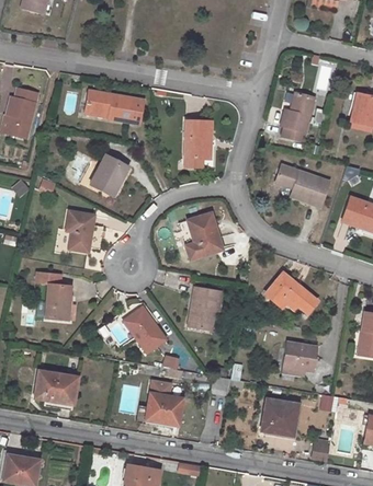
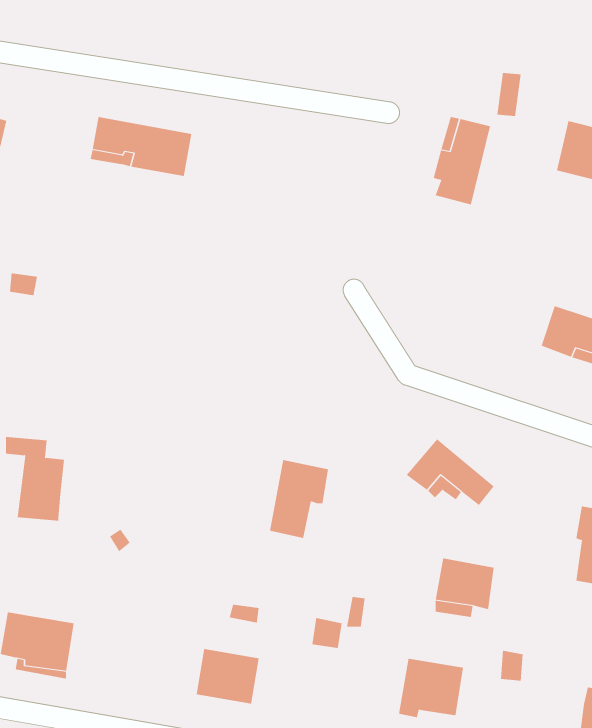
building: [185,120,212,158] -> none
building: [90,153,128,195] -> none
building: [275,164,330,206] -> none
building: [66,210,94,251] -> none
building: [179,212,224,259] -> none
building: [124,305,165,350] -> none

